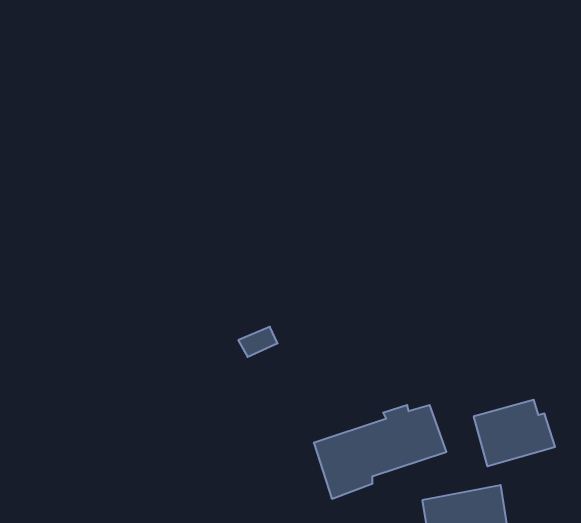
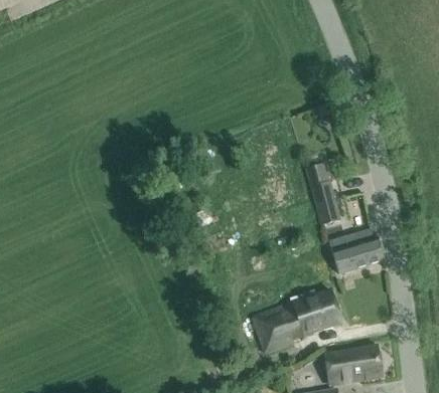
building: none -> [306,163,340,224]
building: [474,400,555,466] -> [330,229,385,273]

